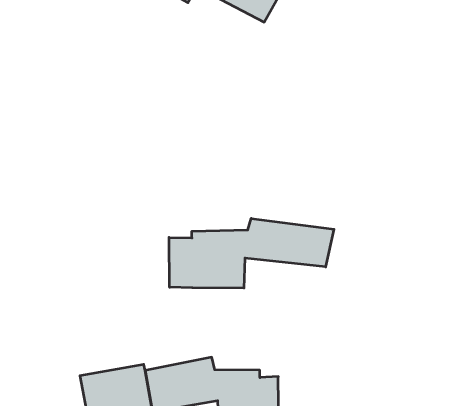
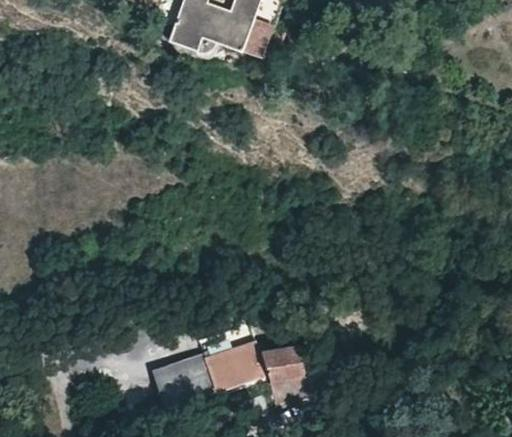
building: [169,218,334,288] -> none

